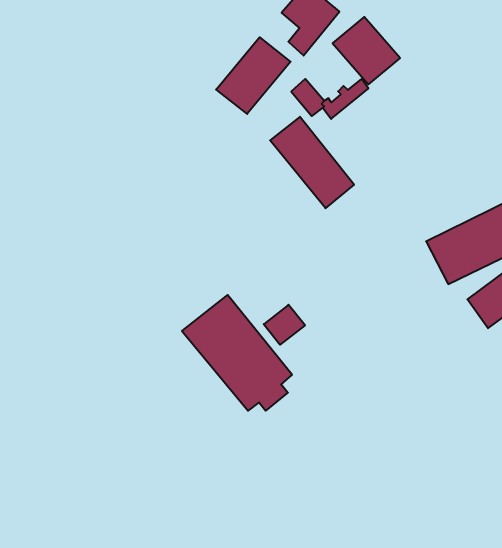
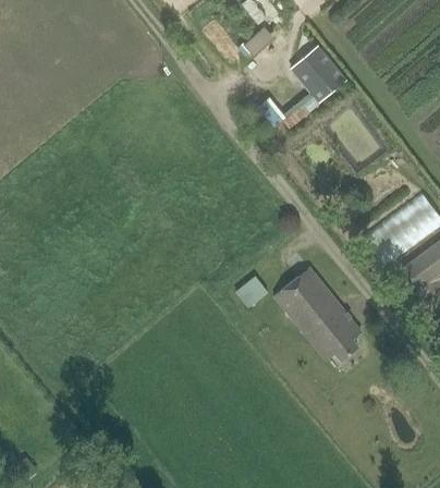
building: [216,37,291,114] -> none
building: [270,117,354,208] -> none
building: [182,295,292,411] -> [274,268,362,359]

